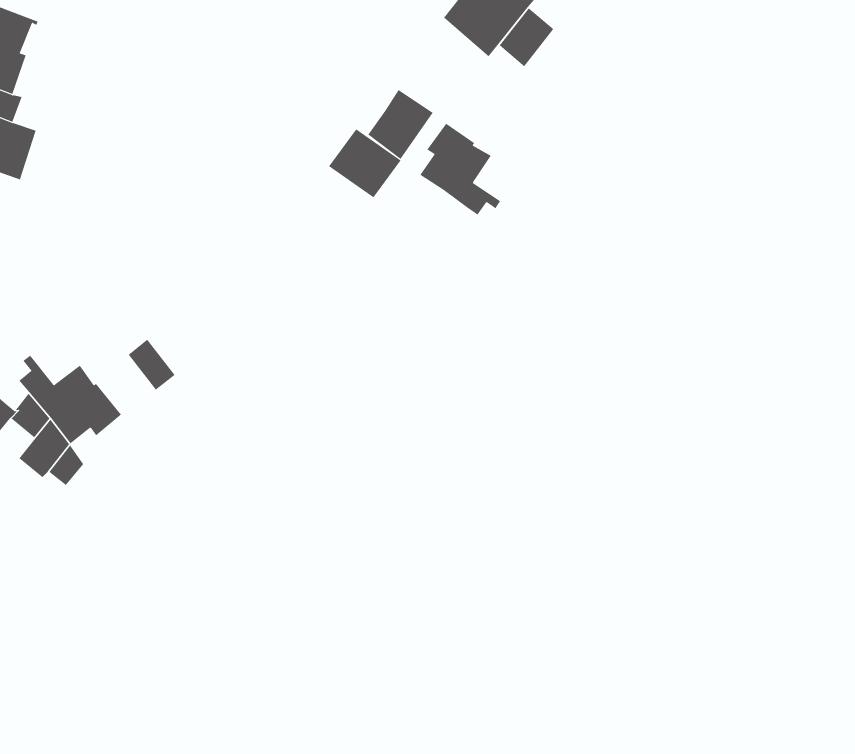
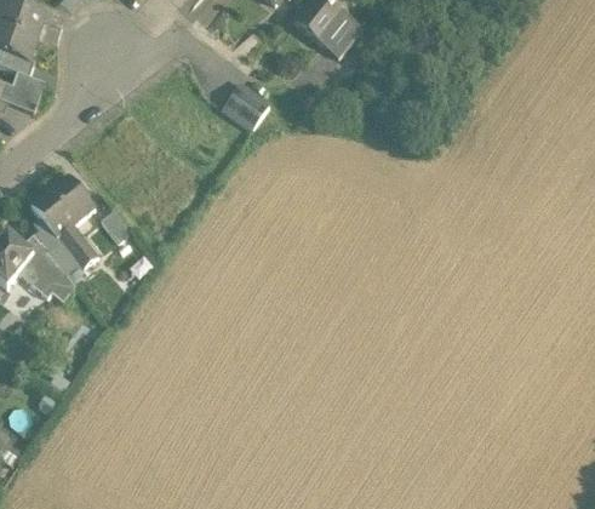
building: [368,89,433,160] -> none
building: [420,123,501,216] -> none
building: none -> [29,176,93,239]

